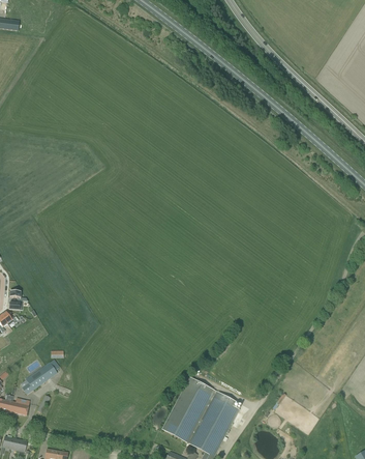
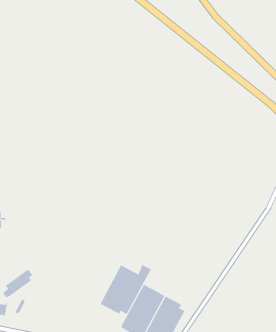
building: none -> [100,264,151,315]

